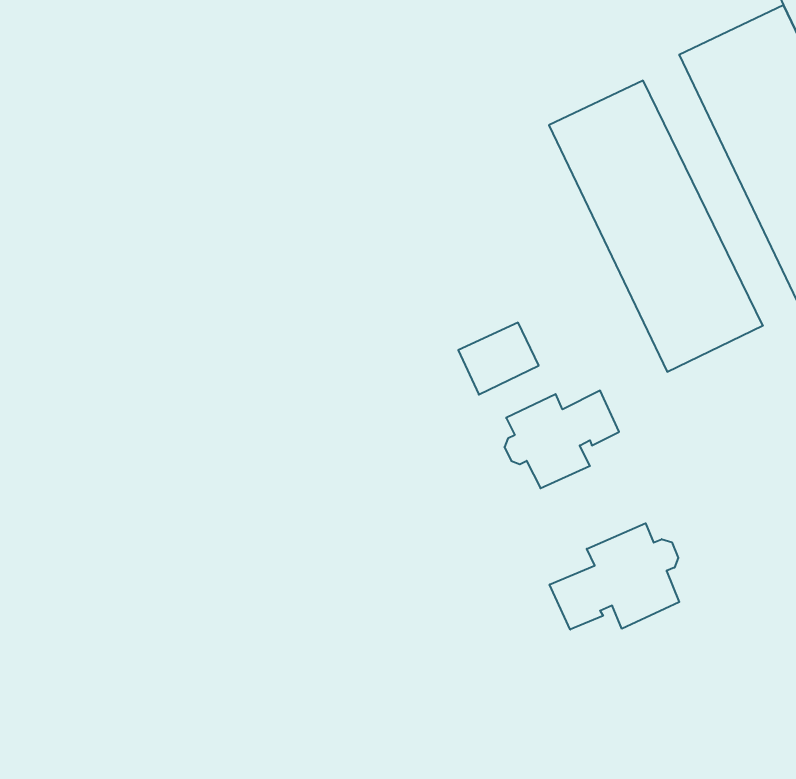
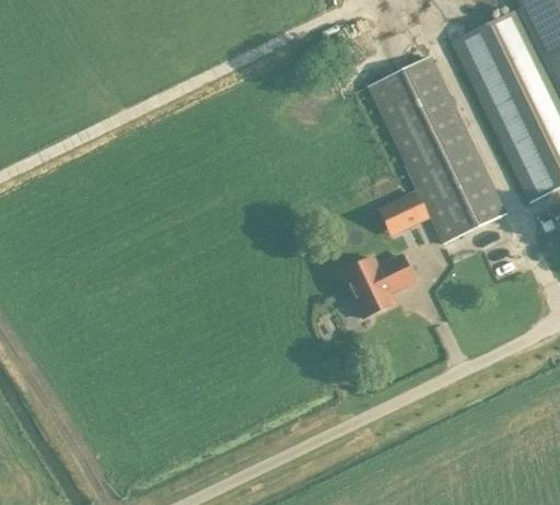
building: [458,323,539,395] -> [380,189,431,235]
building: [550,523,679,630] -> none

